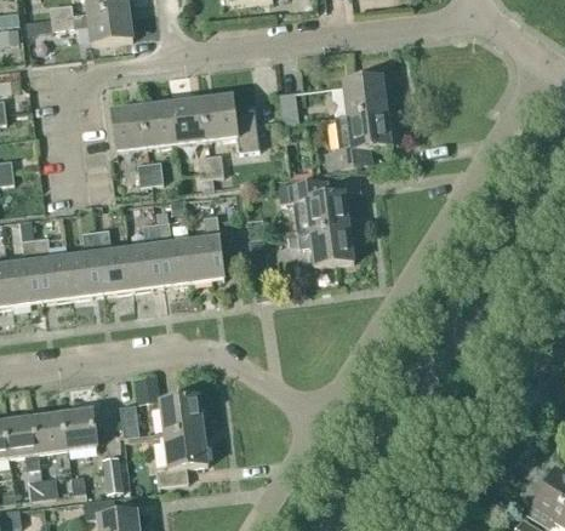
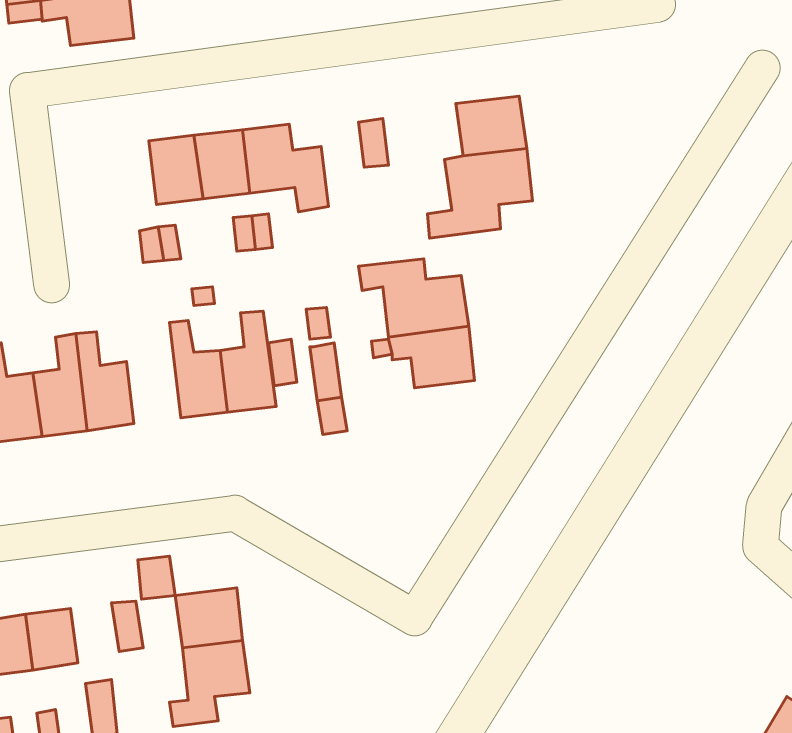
building: [110,105,147,152] -> none
building: [127,223,162,289] -> none

